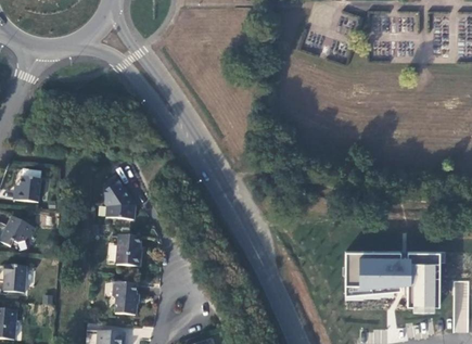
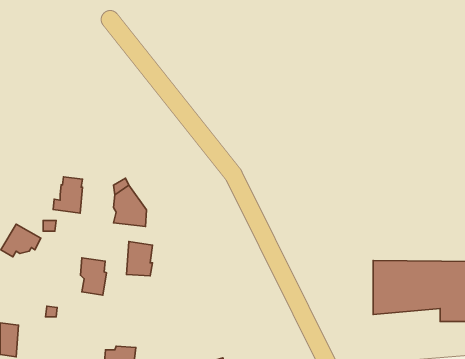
building: [15,169,42,203] -> [53,177,82,213]
building: [5,265,28,293] -> none
building: [114,280,138,315] -> [81,258,106,295]

